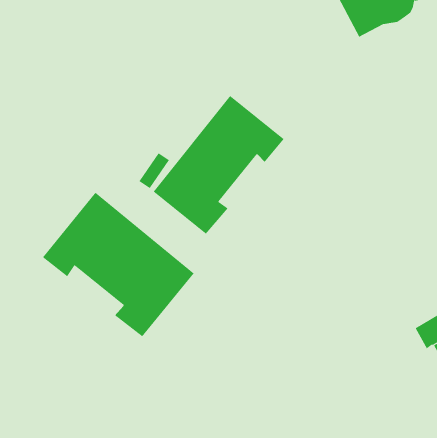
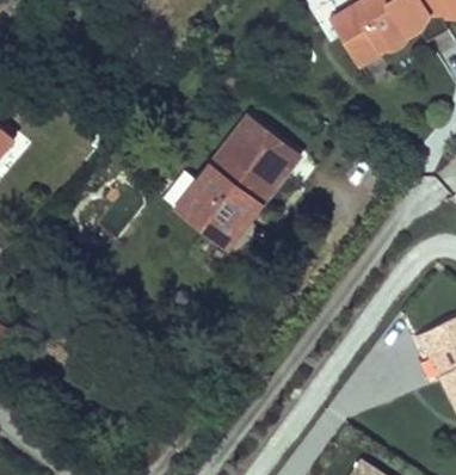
building: [42,192,194,337] -> none

